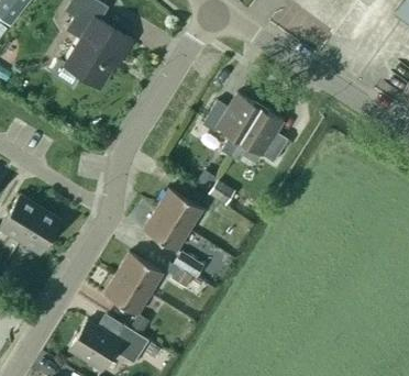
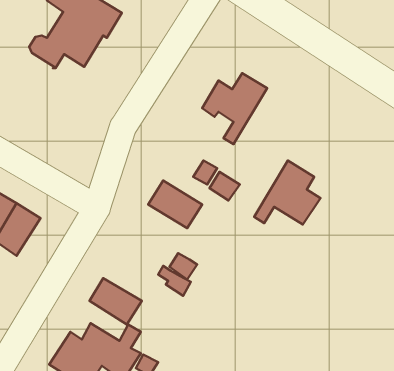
building: [230,107,288,163] -> [254,161,320,224]
building: [143,209,189,251] -> none
building: [115,253,163,294] -> none

